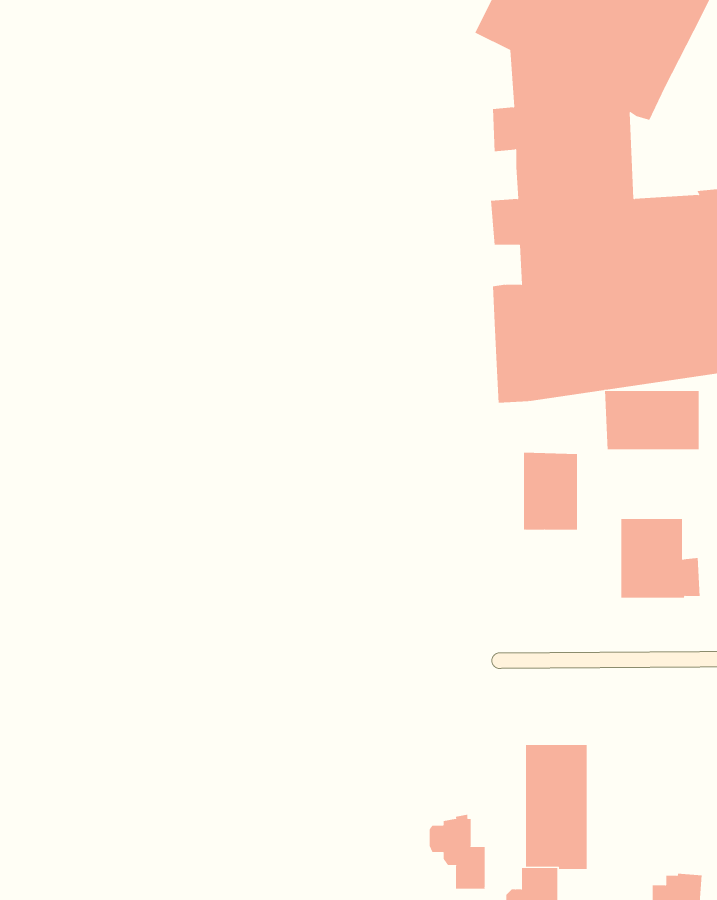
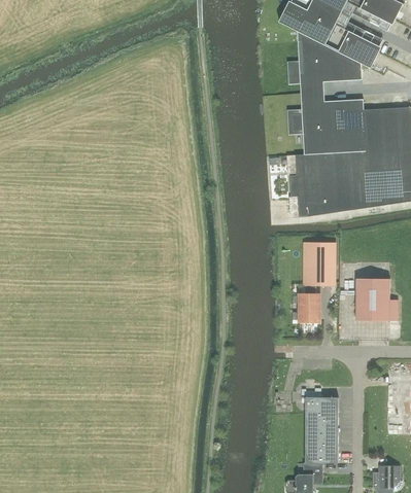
building: [605,390,699,450] -> none
building: none -> [299,284,318,320]
building: [429,814,485,889] -> none

